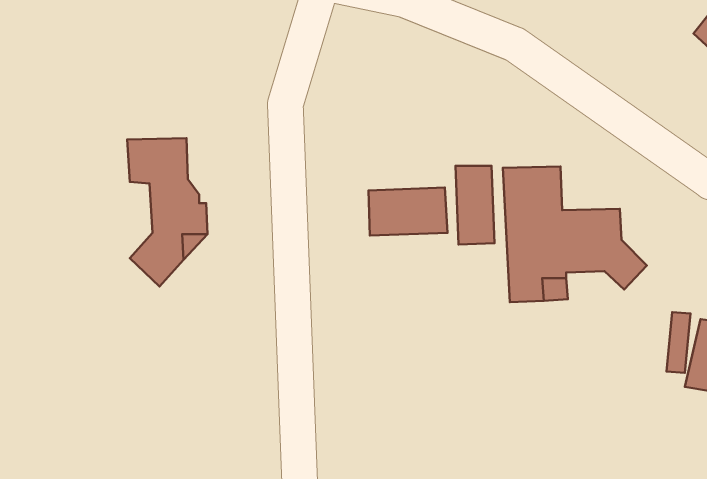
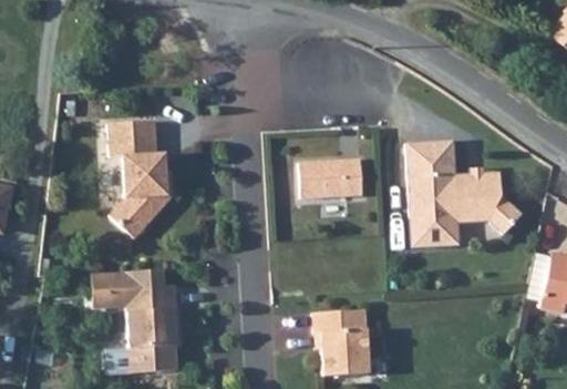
building: [456,166,494,245] -> none
building: none -> [89,269,178,376]
building: none -> [315,311,368,376]

